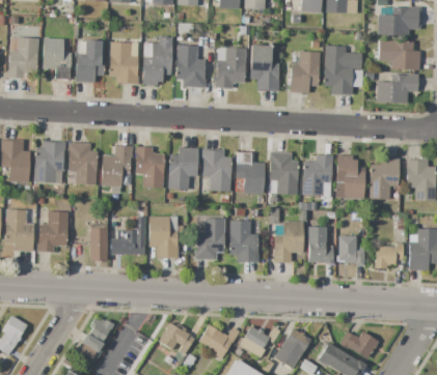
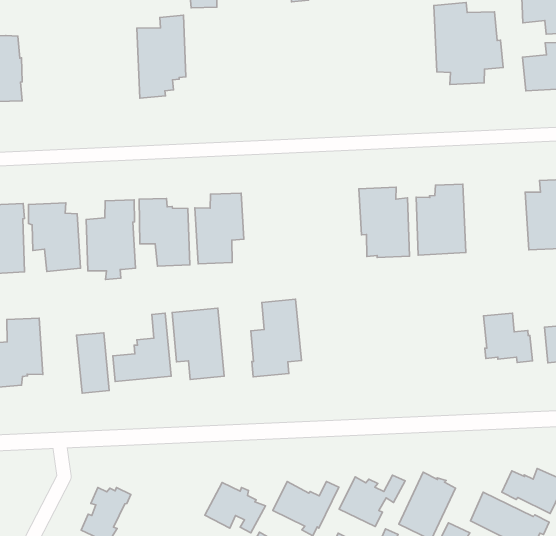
building: [76,39,106,83] -> none
building: [110,41,139,85] -> none
building: [251,45,279,91] -> none
building: [176,46,207,88] -> none
building: [215,47,247,88] -> none
building: [290,51,321,93] -> none
building: [202,149,231,192] -> none
building: [236,152,266,195] -> none
building: [336,154,365,199] -> none
building: [229,222,260,262] -> none
building: [274,222,303,262] -> none
building: [308,227,334,263] -> none

